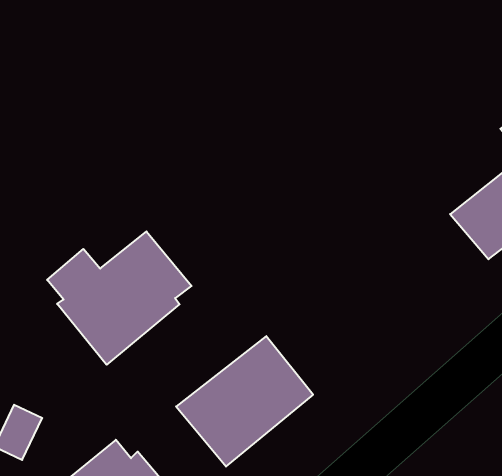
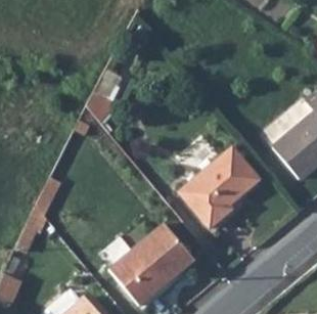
building: none -> [184,151,264,230]
building: [47,231,192,365] -> none

